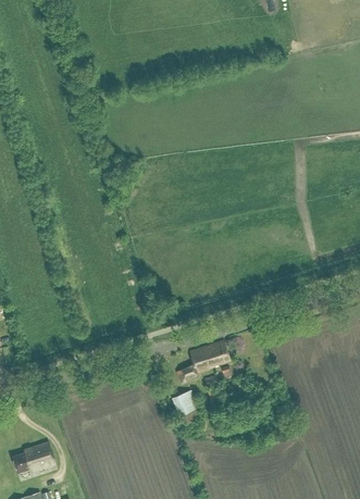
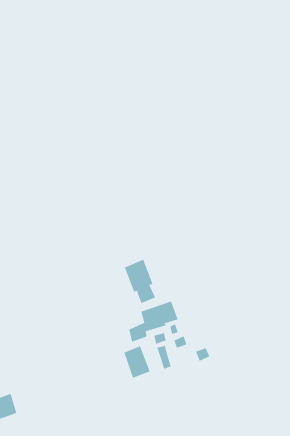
building: none -> [124,259,156,304]

